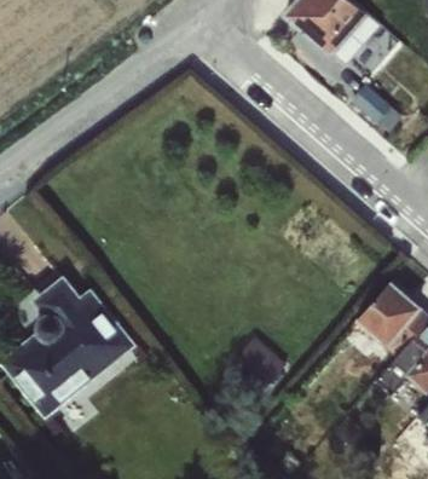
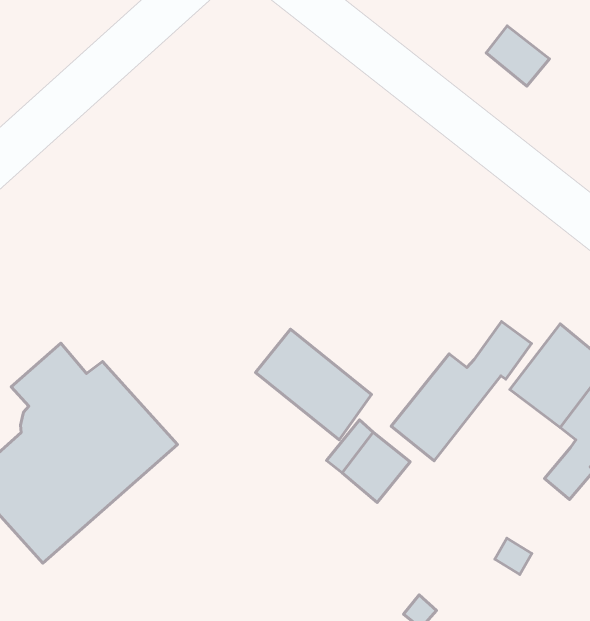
building: none -> [255,329,372,440]
building: none -> [391,321,532,461]

